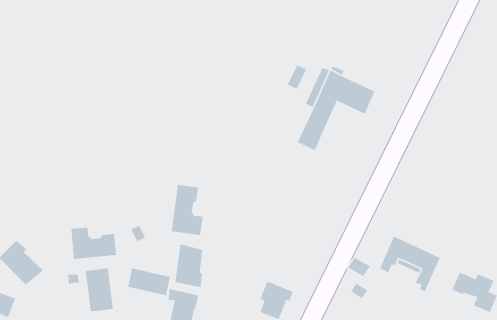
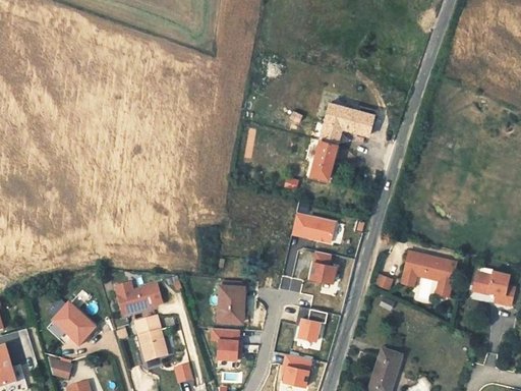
building: none -> [293,213,337,242]
building: [171,184,203,236] -> none
building: none -> [309,252,337,284]
building: [127,267,171,296] -> none

